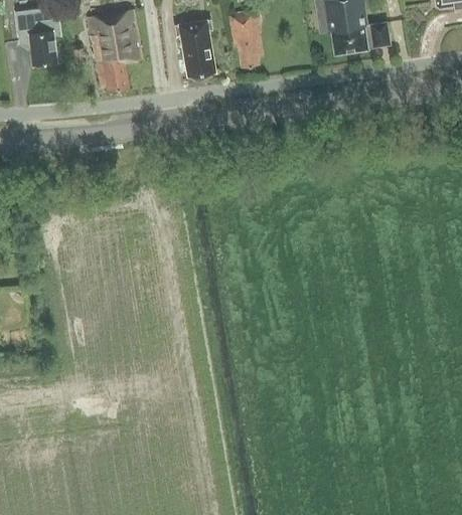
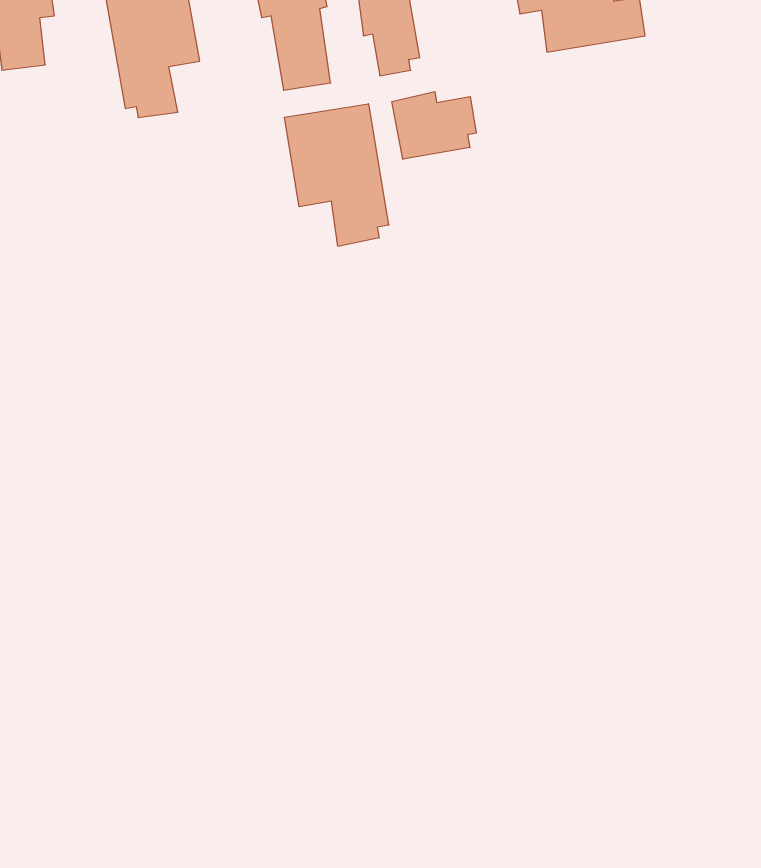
building: none -> [392,92,476,159]
building: none -> [285,104,389,246]

